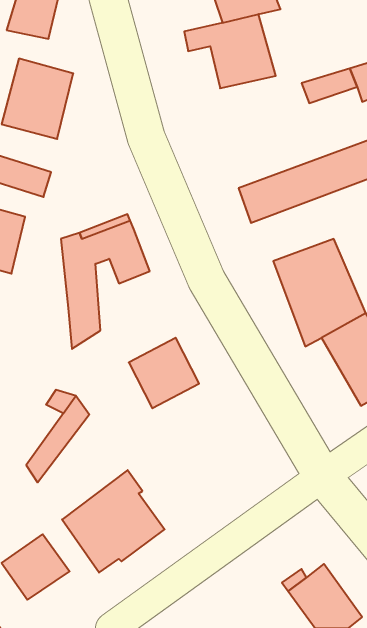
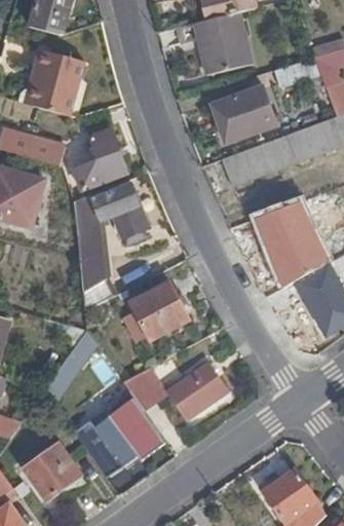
building: none -> [212,86,277,144]
building: none -> [74,130,127,190]
building: none -> [123,363,228,419]

